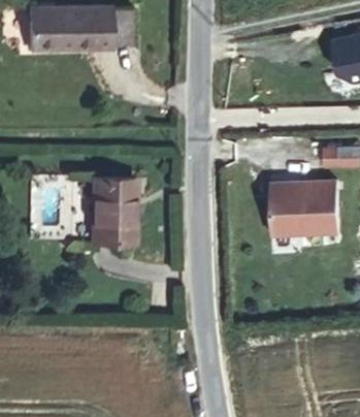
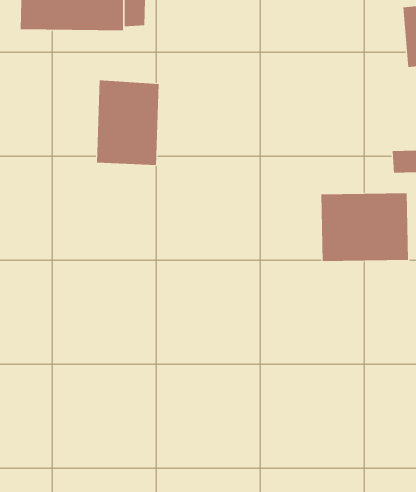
building: [85,170,134,237] -> [96,80,159,165]

